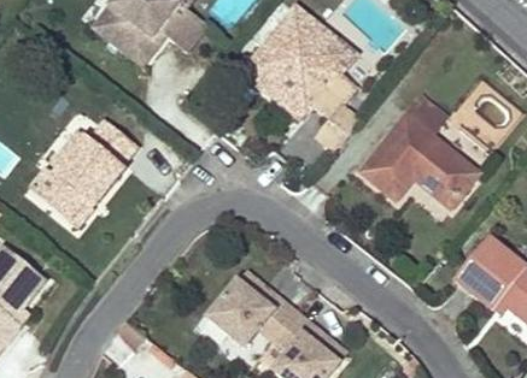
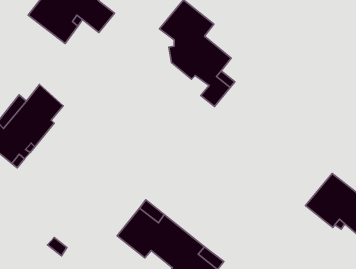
building: [359,96,476,205] -> none

